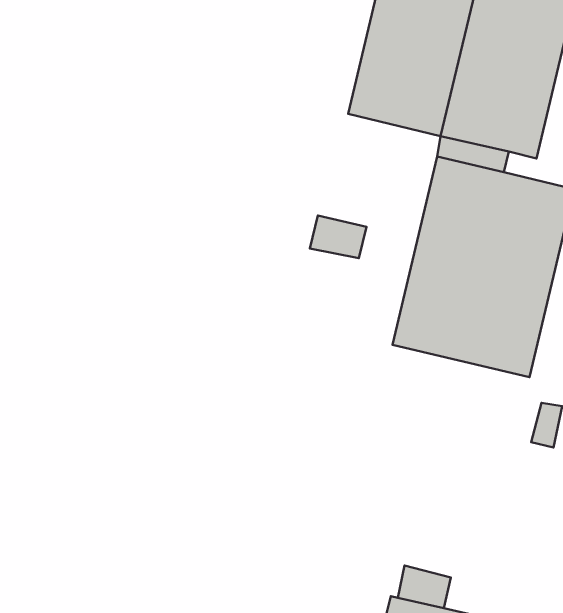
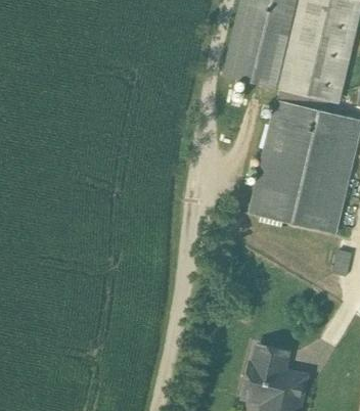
building: [310,215,366,258] -> none

